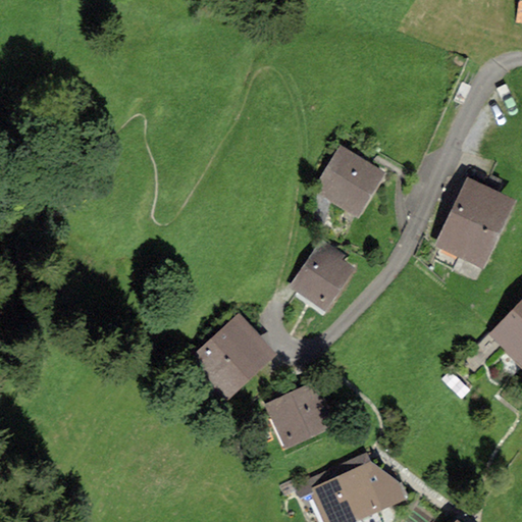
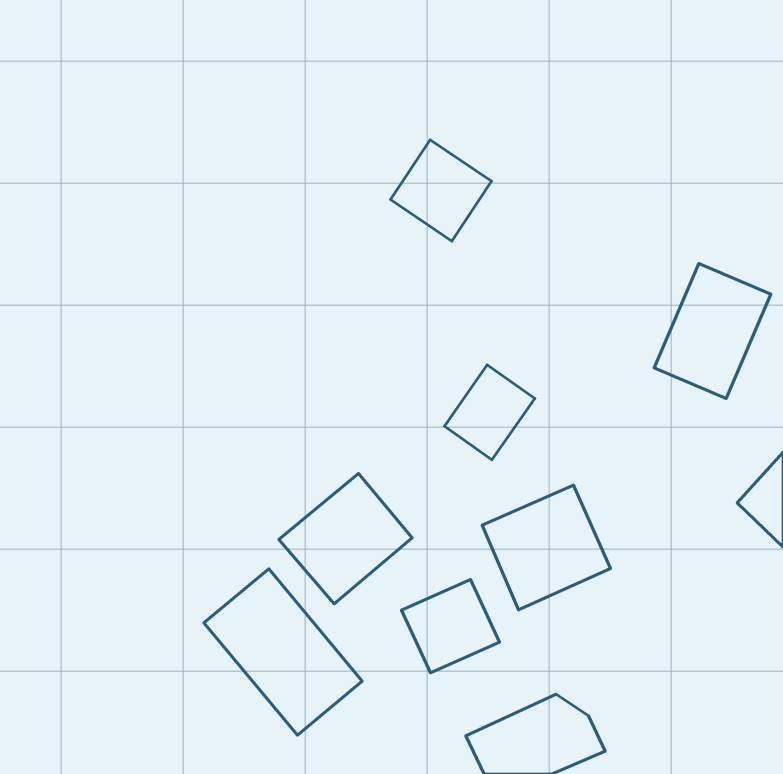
building: [314,145,381,212] -> [390,140,492,241]
building: none -> [482,485,611,610]
building: none -> [204,569,362,735]

